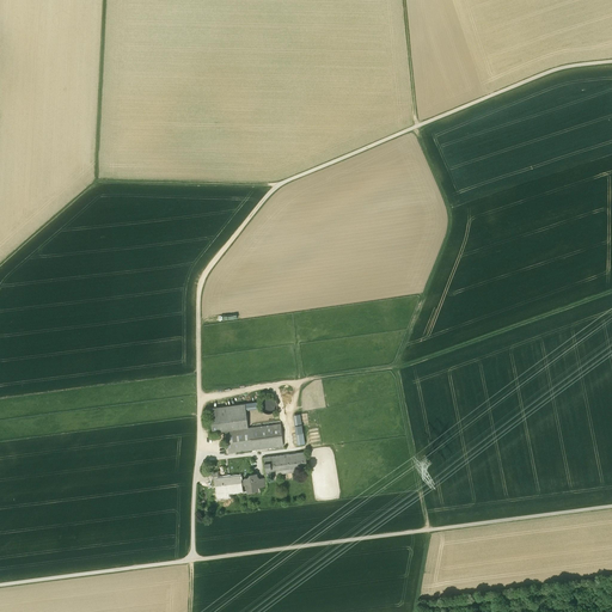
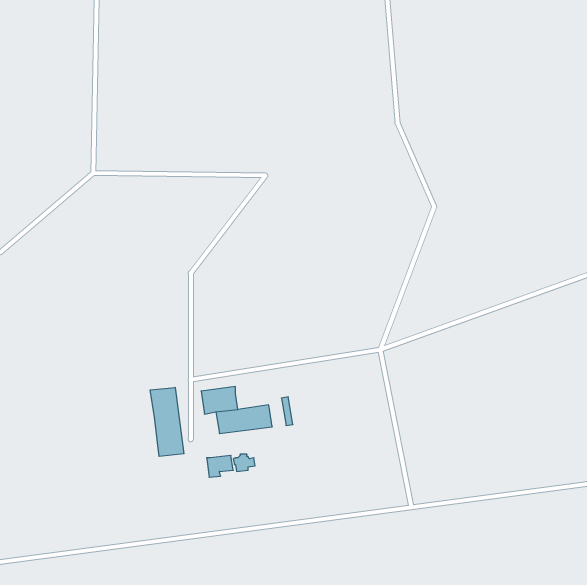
building: none -> [150,387,184,456]
building: [264,451,307,475] -> none

